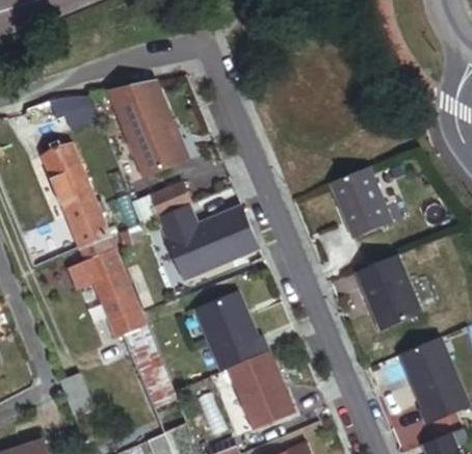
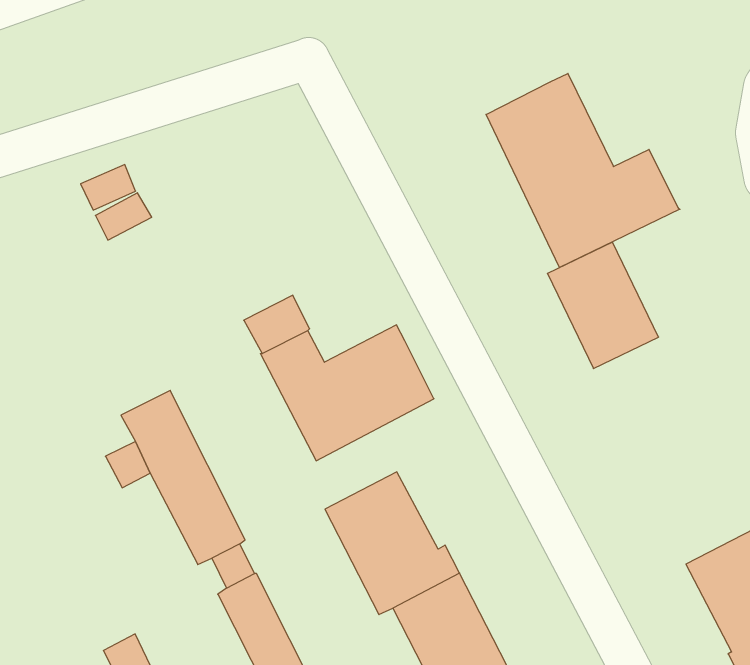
building: none -> [486,73,680,268]
building: [107,82,188,180] -> none
building: [41,145,108,247] -> none
building: [355,255,420,330] -> none

